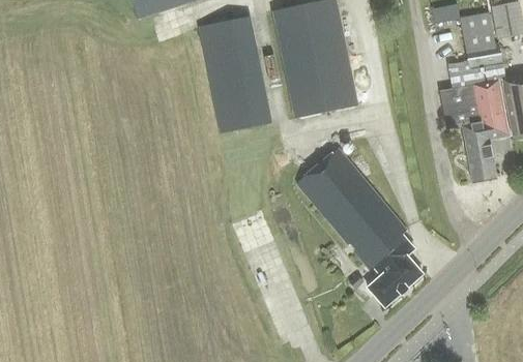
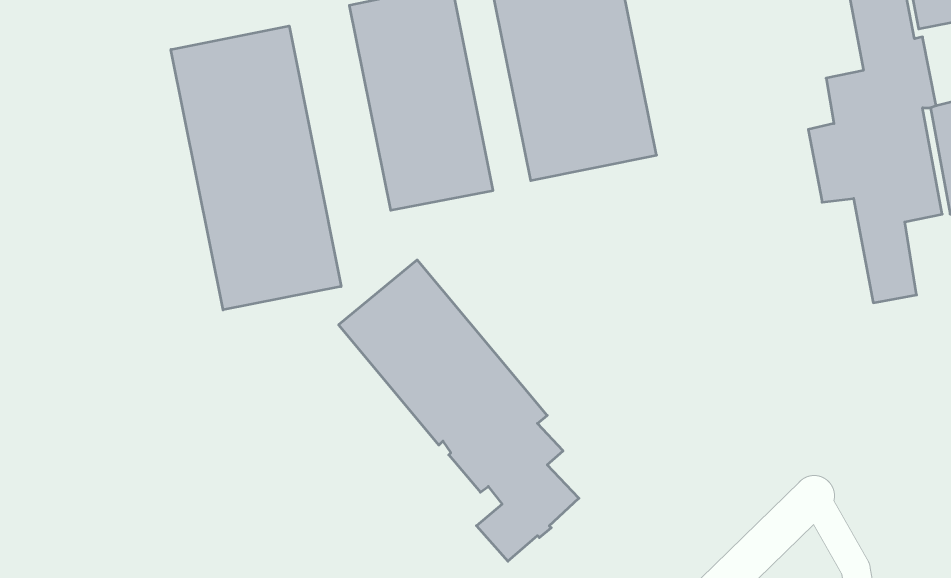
building: none -> [171,26,341,310]
building: [296,148,423,306] -> [339,260,579,561]

